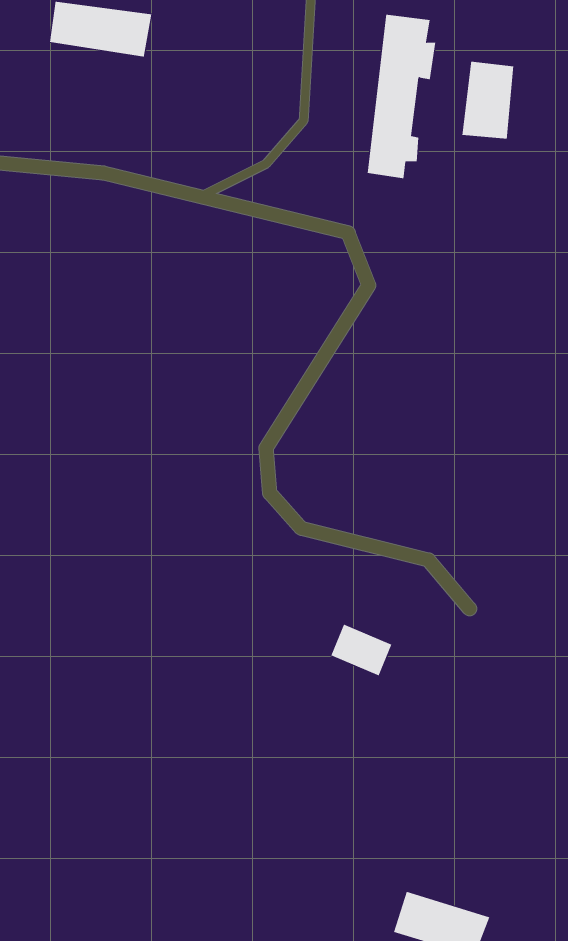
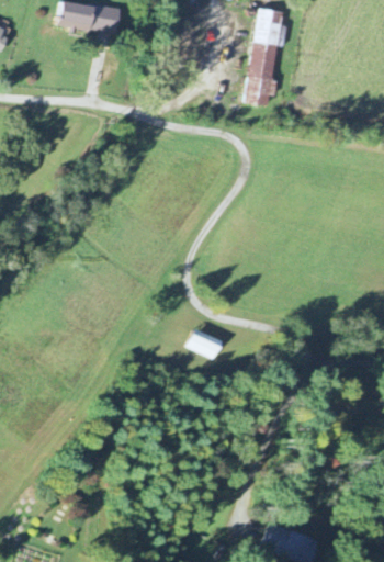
building: [462,61,514,140] -> none
building: [331,624,392,676] -> [187,329,223,360]

